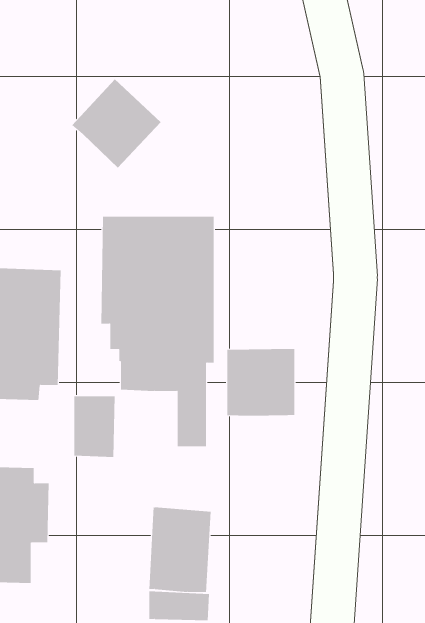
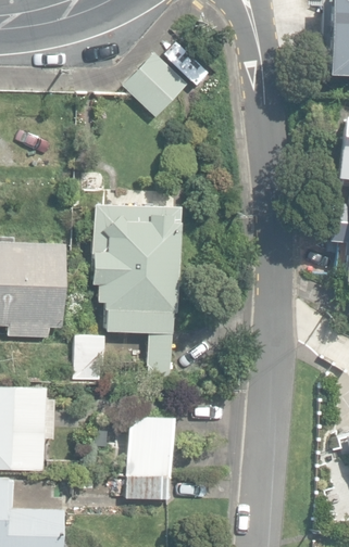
building: [72,79,161,169] -> [120,51,185,116]
building: [227,348,295,417] -> none

